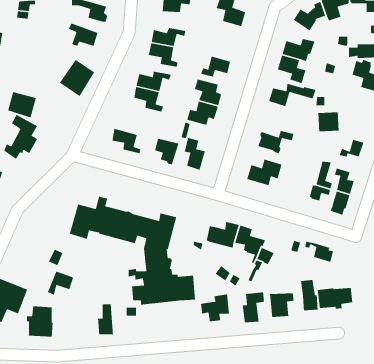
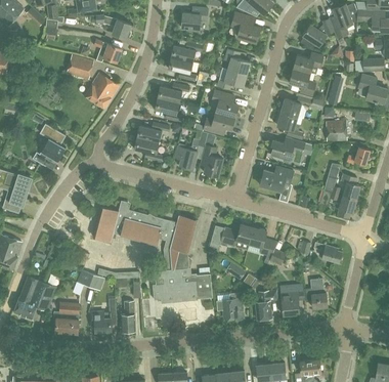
building: none -> [223,48,249,74]
building: [7,91,37,118] -> [66,54,93,80]
building: none -> [275,112,303,139]
building: none -> [135,122,168,142]
building: [317,287,353,309] -> none
building: none -> [91,297,116,331]

